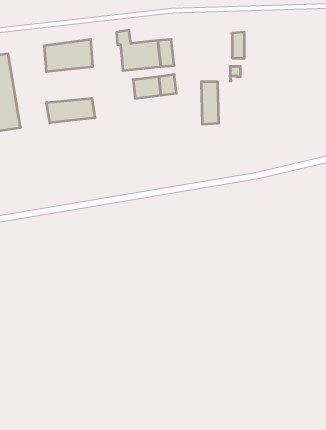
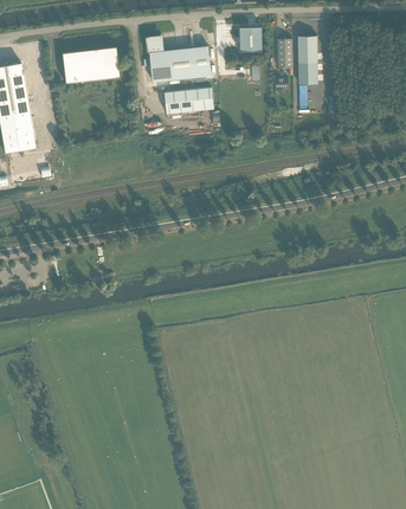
building: none -> [239,26,262,51]
building: [201,82,219,124] -> [297,36,317,84]
building: [47,98,95,123] -> none

